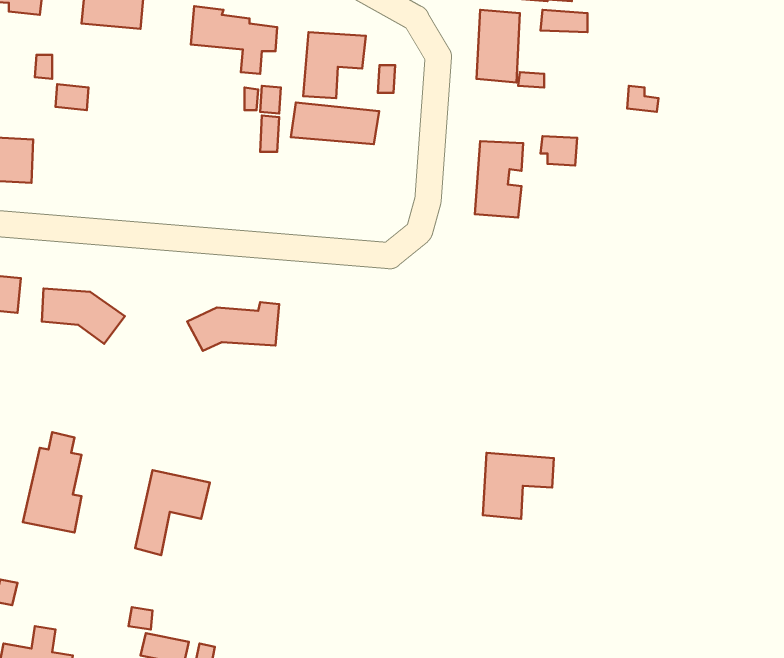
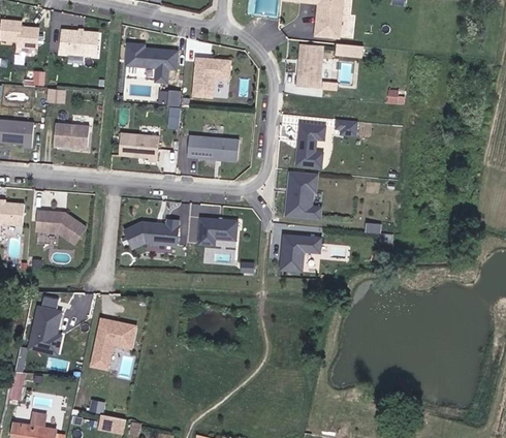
building: [291,103,379,144] -> [187,135,240,160]
building: none -> [56,124,91,148]
building: none -> [119,132,159,161]
building: none -> [284,170,321,220]
building: none -> [195,216,238,247]
building: [483,453,554,519] -> [279,233,321,273]

